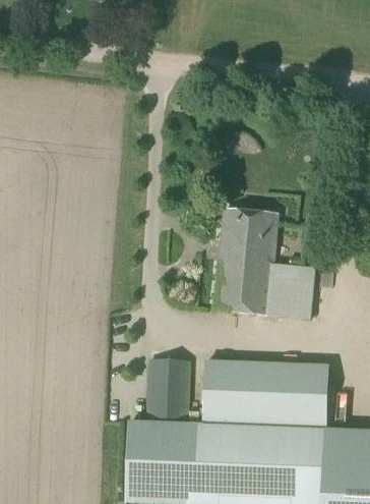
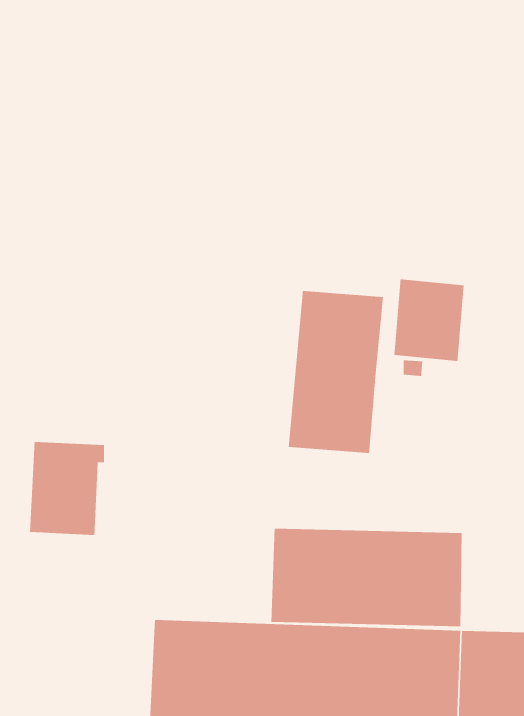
building: [268,265,314,319] -> [394,278,464,362]
building: [146,359,195,421] -> [29,441,105,536]

